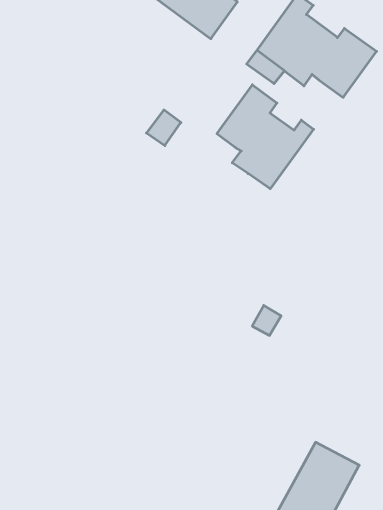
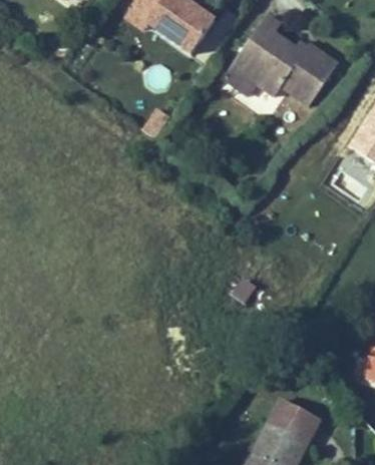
building: [217,85,314,189] -> none

